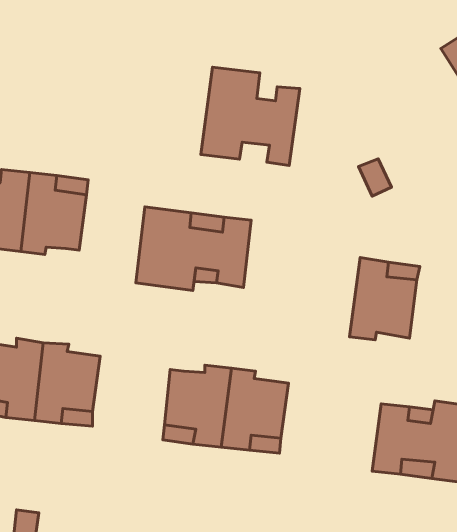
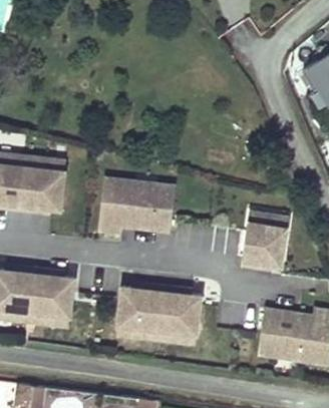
building: [201,67,300,166] -> none

